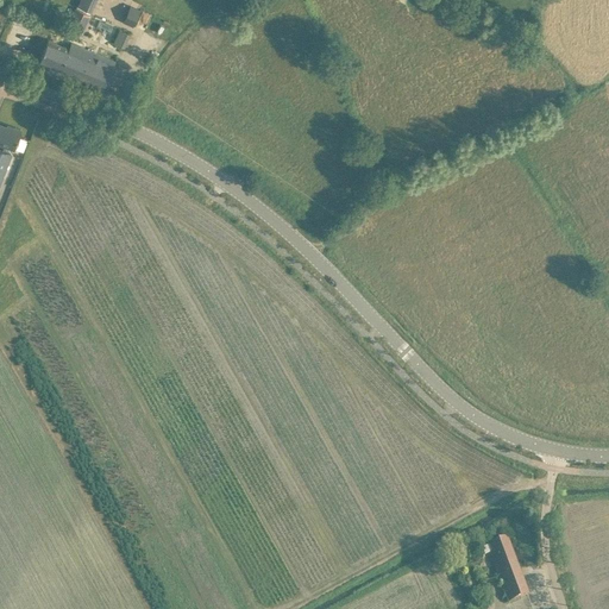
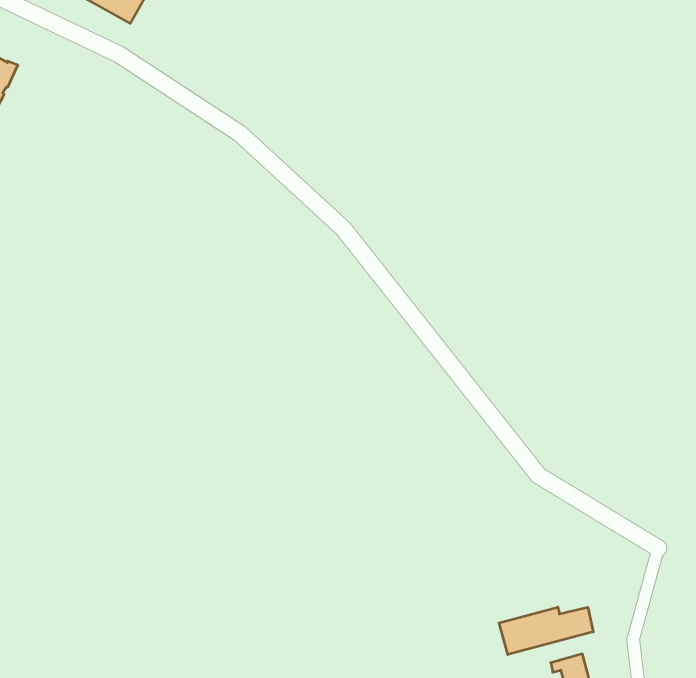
building: none -> [499,607,593,655]

